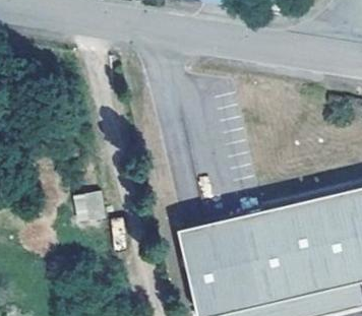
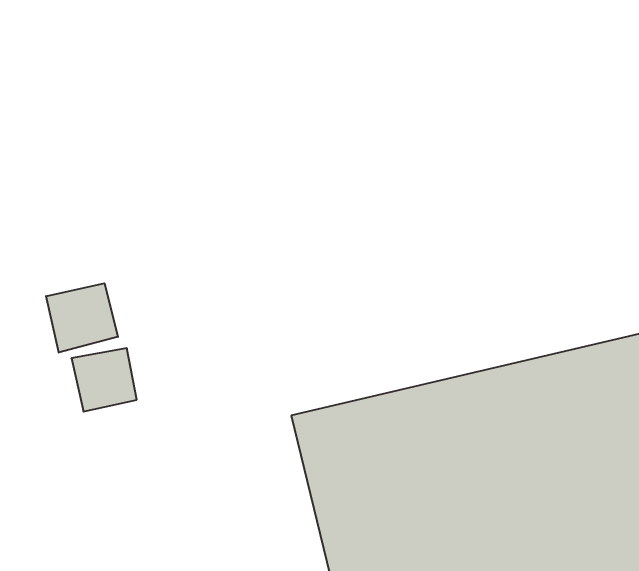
building: none -> [46,283,118,353]

